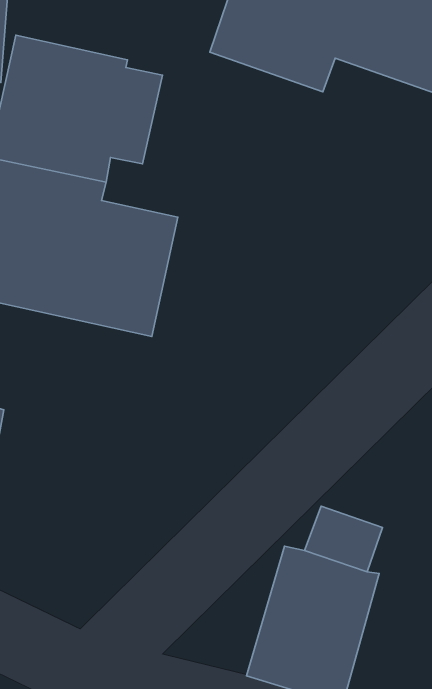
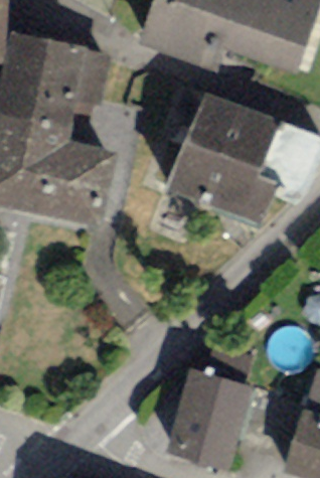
building: none -> [163,91,282,229]

